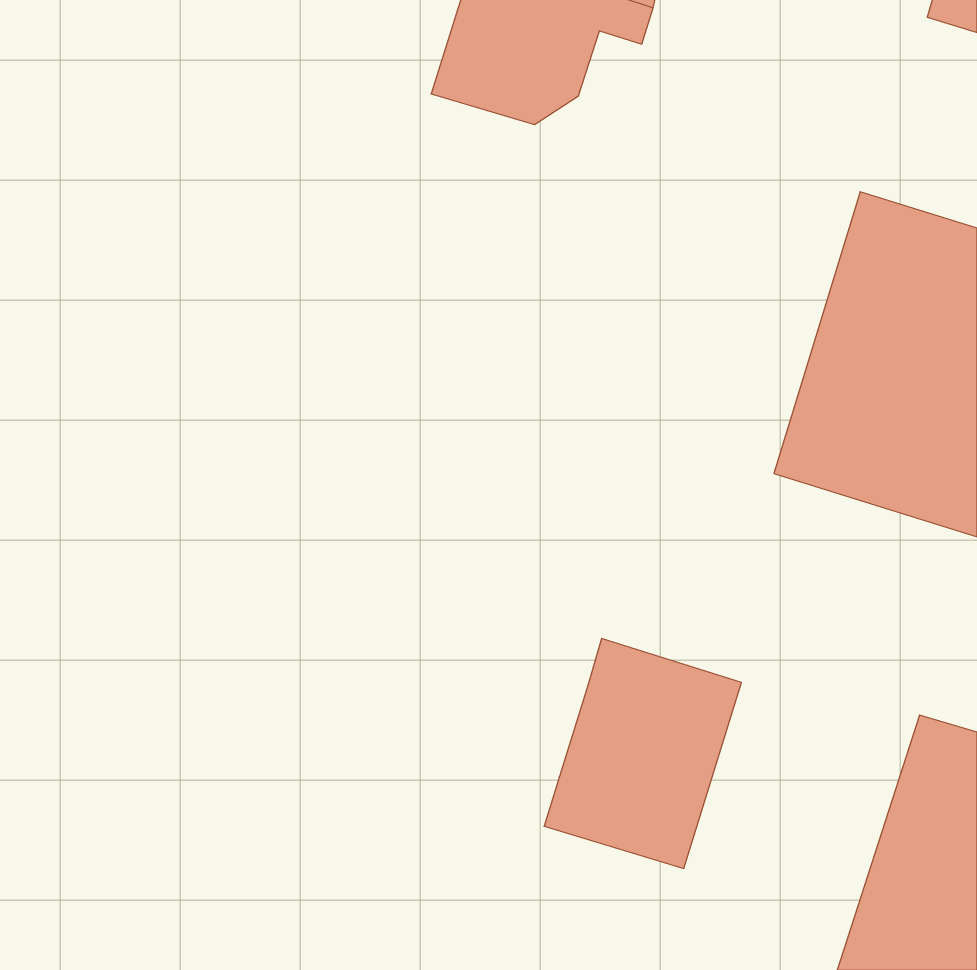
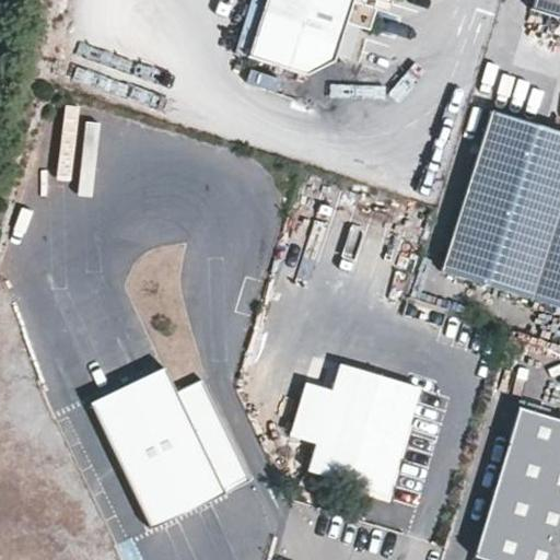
building: none -> [92,355,253,529]
building: none -> [293,383,336,443]

